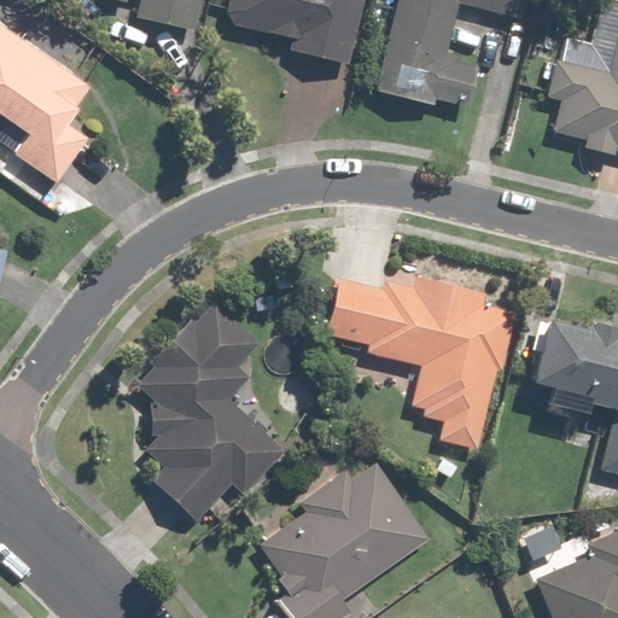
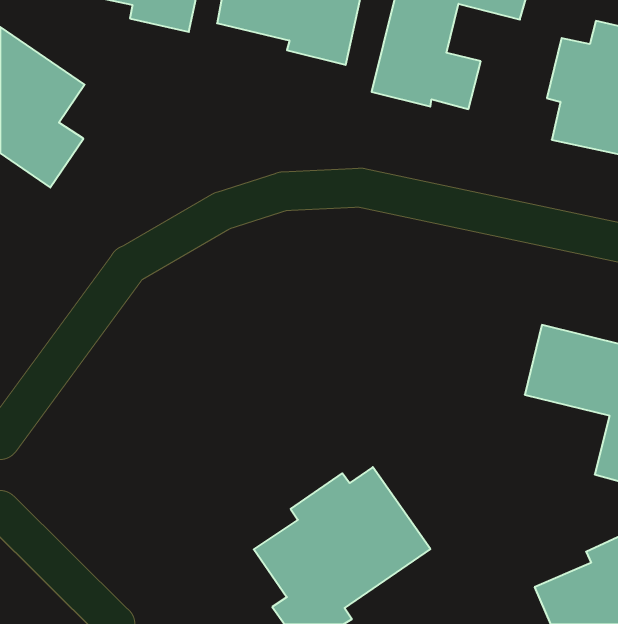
building: [325,276,515,448] -> none
building: [132,298,286,524] -> none

